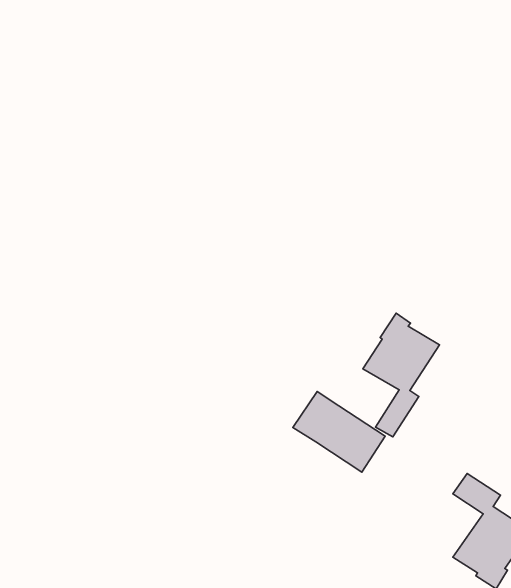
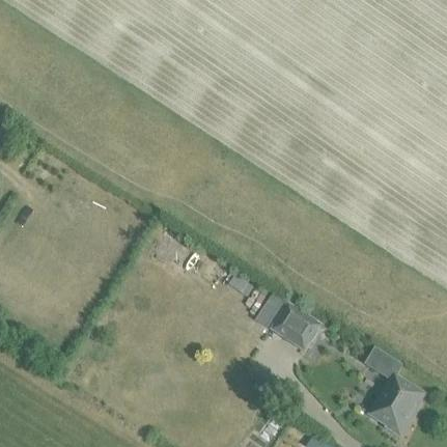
building: [363,313,439,437] -> none

